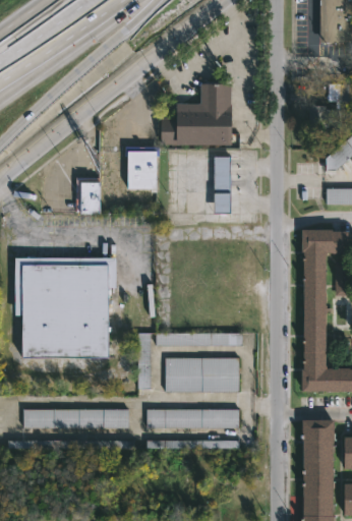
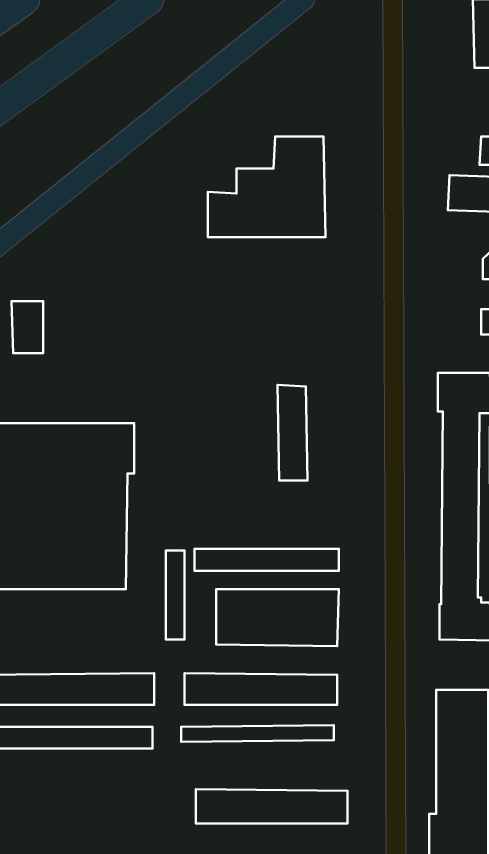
building: [128,146,161,188] -> none
building: [215,156,233,214] -> [277,385,308,480]
building: [82,182,102,214] -> [11,301,43,353]
building: none -> [196,789,347,823]

